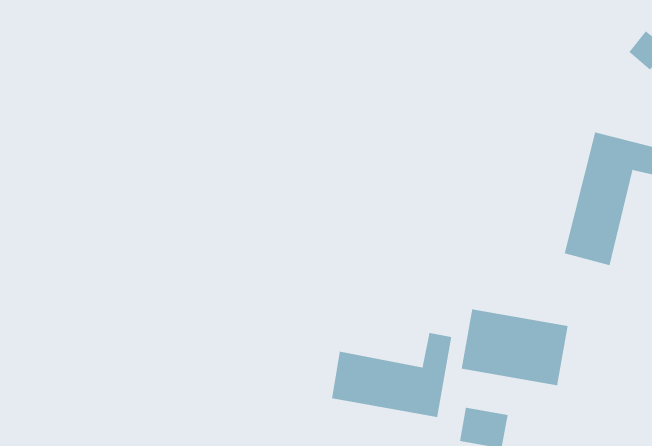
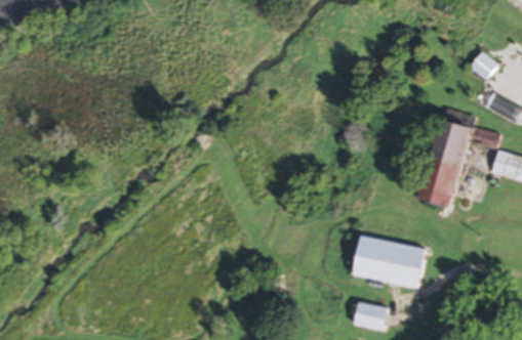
building: [331,332,452,418] -> none

